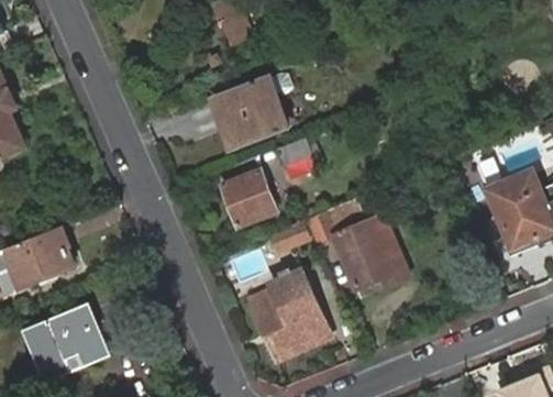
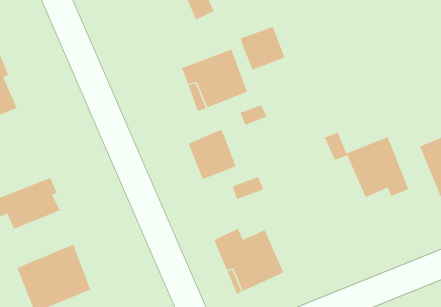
building: none -> [240,26,285,71]
building: [309,211,407,287] -> [324,132,409,198]

